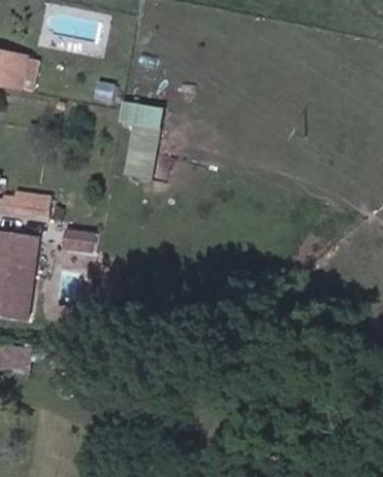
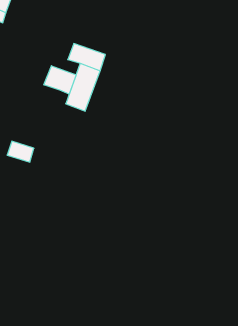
building: none -> [44,66,76,94]

